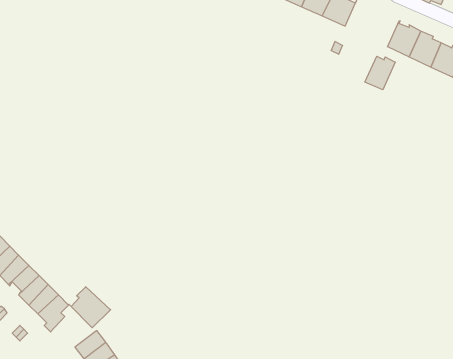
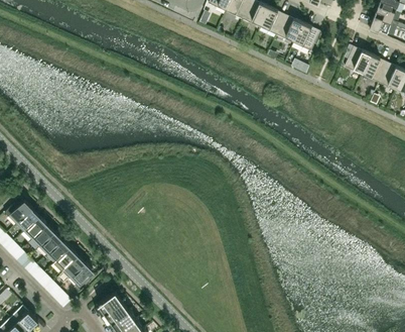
building: [365,56,395,90] -> none
building: [69,287,111,328] -> none

